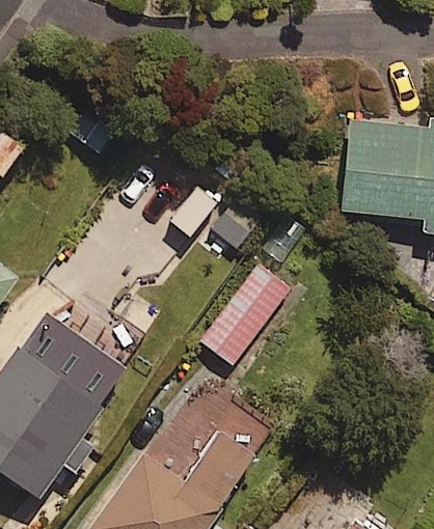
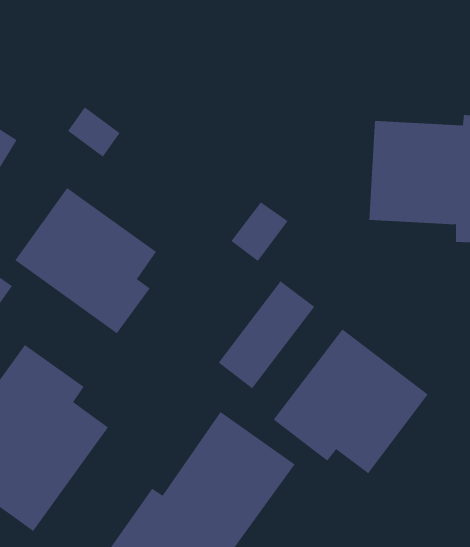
building: none -> [15,187,157,334]
building: none -> [273,329,429,474]

